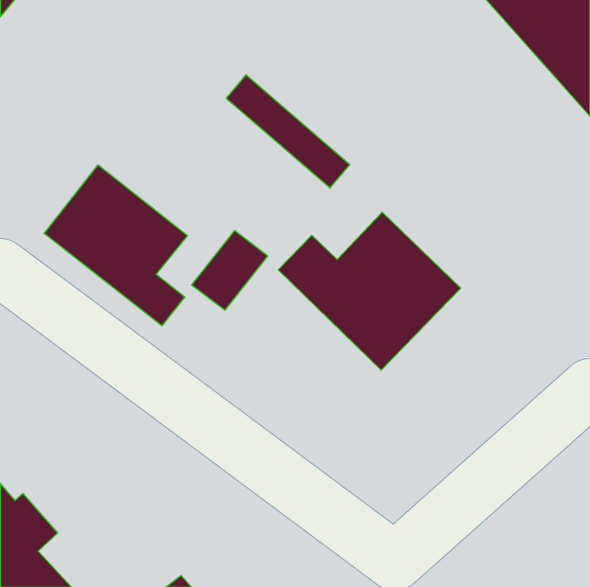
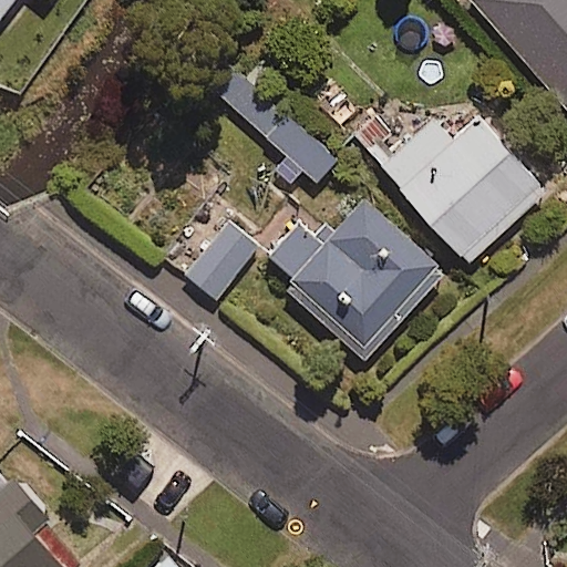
building: none -> [379,115,548,262]
building: [44,165,188,326] -> none

